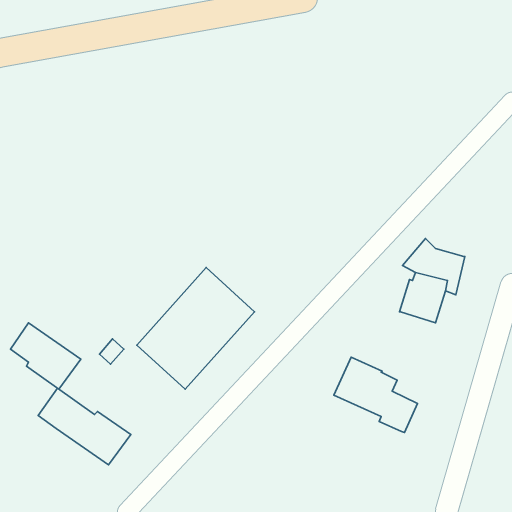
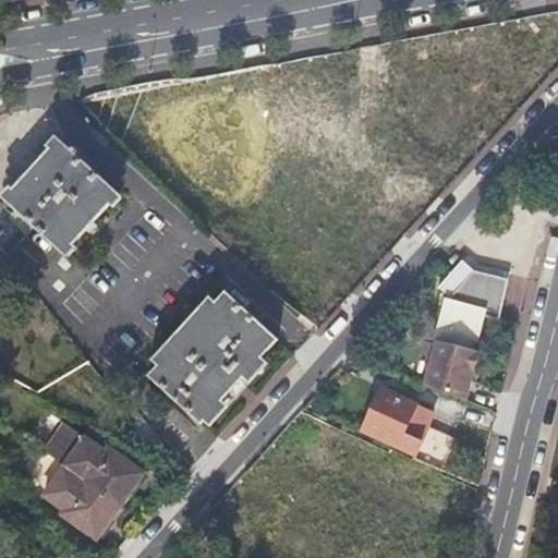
building: none -> [5,138,112,245]
building: none -> [423,338,476,399]
building: [10,323,81,389] -> [41,464,118,536]

